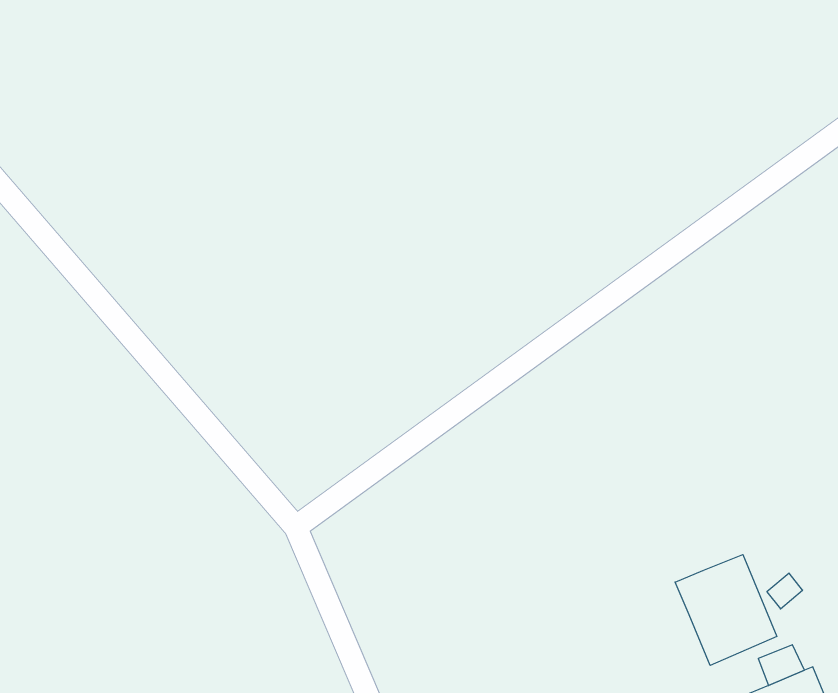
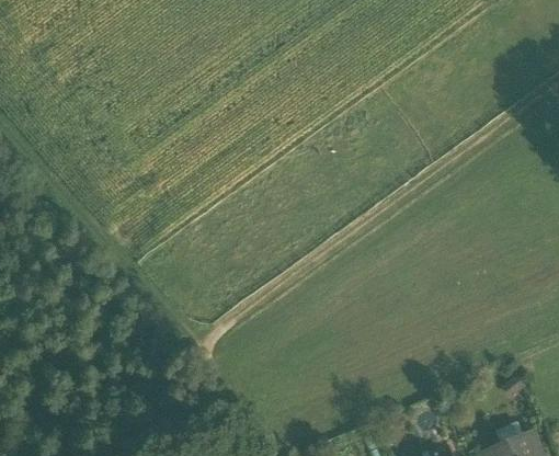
building: [675,555,777,665] -> none

